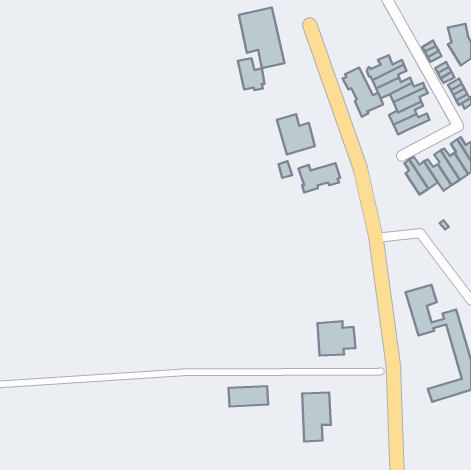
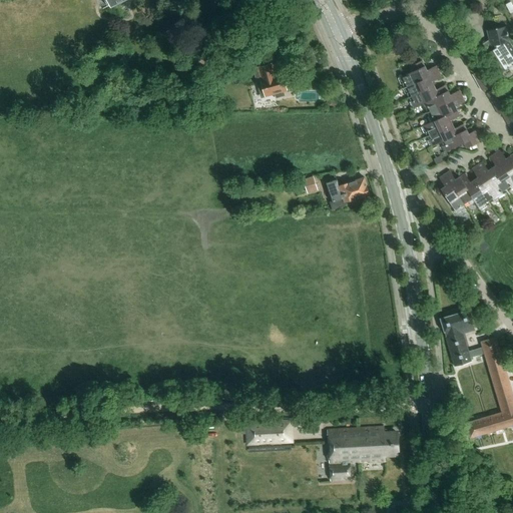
building: [239,7,285,68] -> none
building: [343,68,383,117] -> none
building: [277,114,315,154] -> none
building: none -> [443,128,481,150]
building: [318,321,355,355] -> [358,425,399,462]

